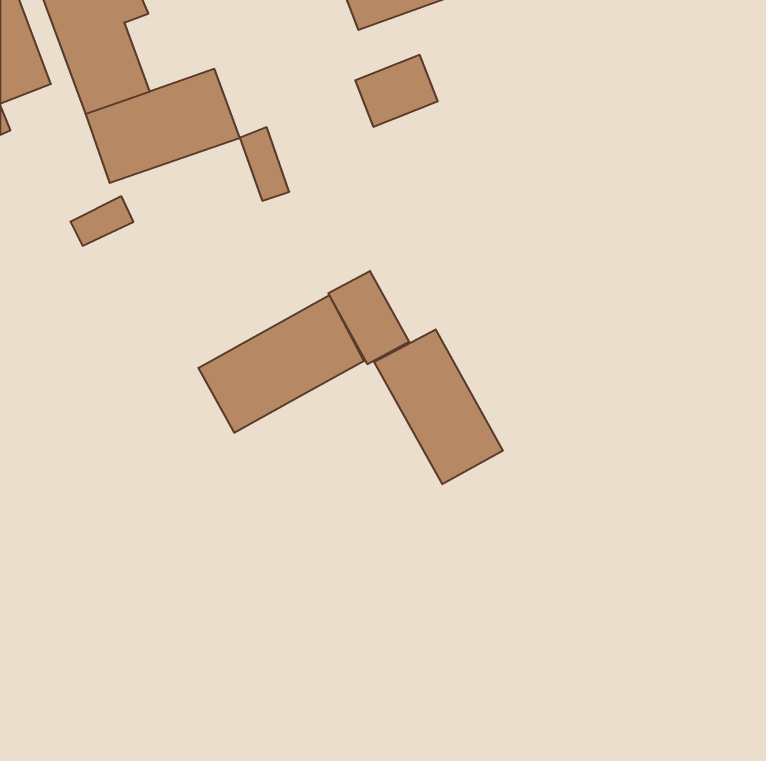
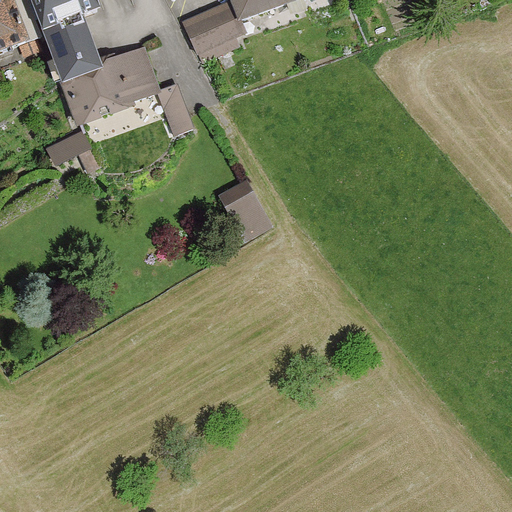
building: [355,55,438,127] -> [183,4,238,52]
building: [198,295,364,433] -> none
building: [374,329,503,484] -> none

